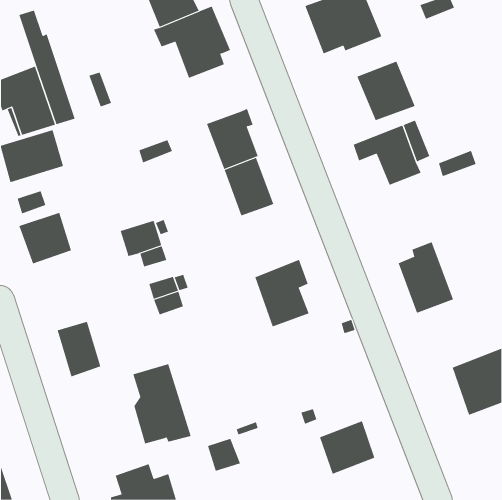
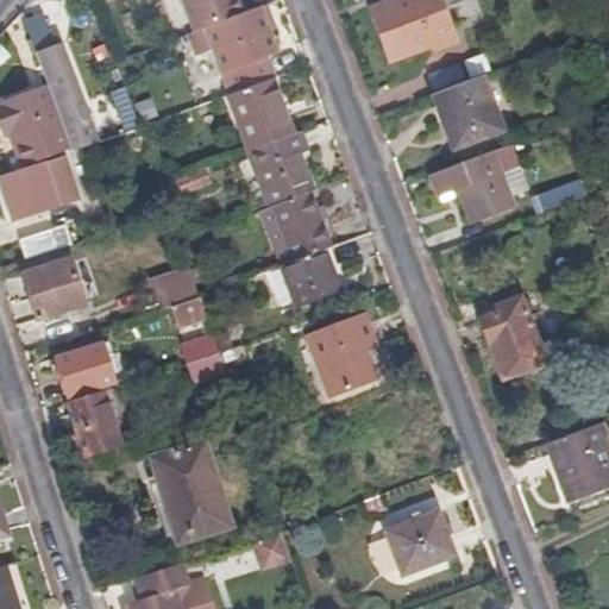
building: none -> [228,79,291,150]
building: none -> [278,251,338,309]
building: none -> [59,340,115,393]

